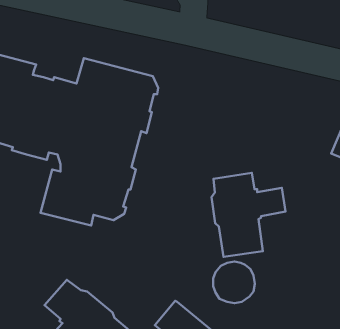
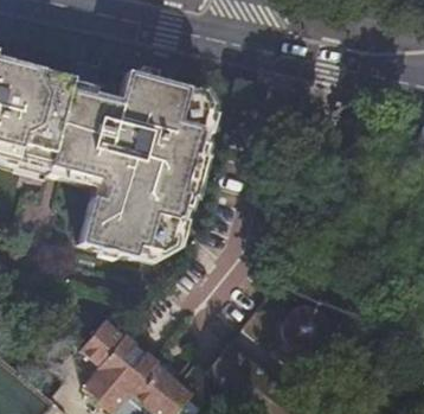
building: [212,173,286,257] -> none

